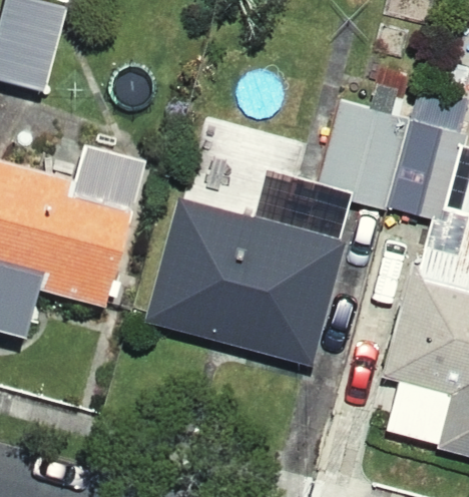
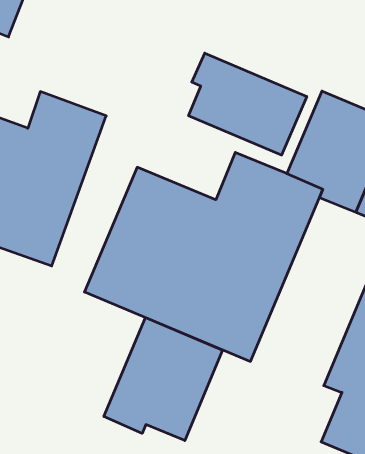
building: none -> [189,53,307,155]
building: none -> [104,318,223,441]

